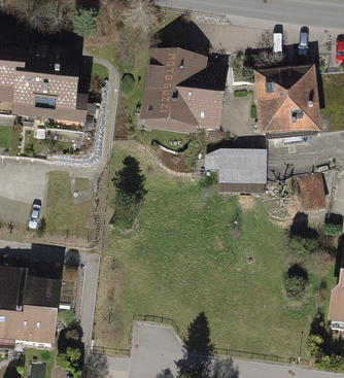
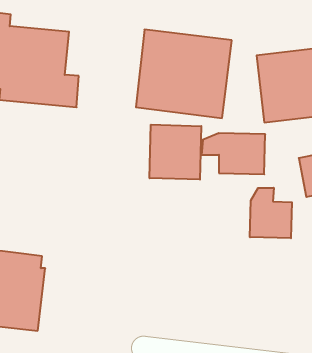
building: none -> [150,125,201,180]
building: none -> [250,188,292,238]

